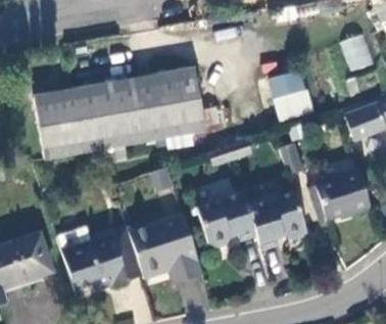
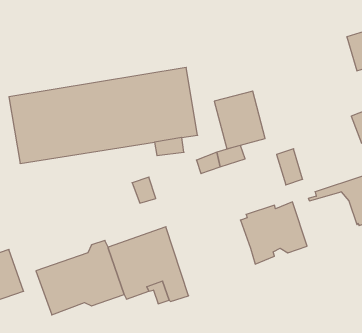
building: [268,67,313,120] -> [214,91,265,149]
building: [307,180,350,218] -> none
building: [194,190,254,244] -> none

